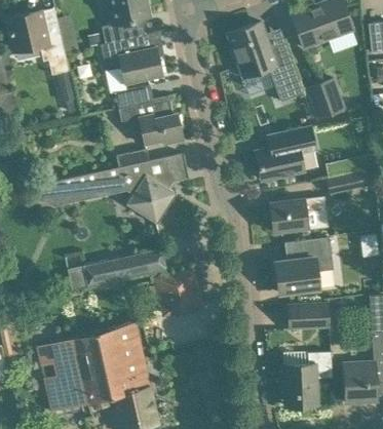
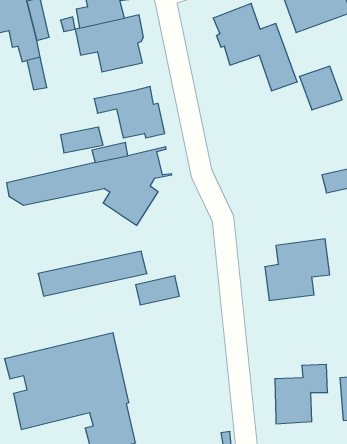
building: [115,85,154,109] -> [60,127,103,153]
building: [256,125,316,181] -> none
building: [269,197,325,232] -> none
building: [289,304,330,328] -> none

